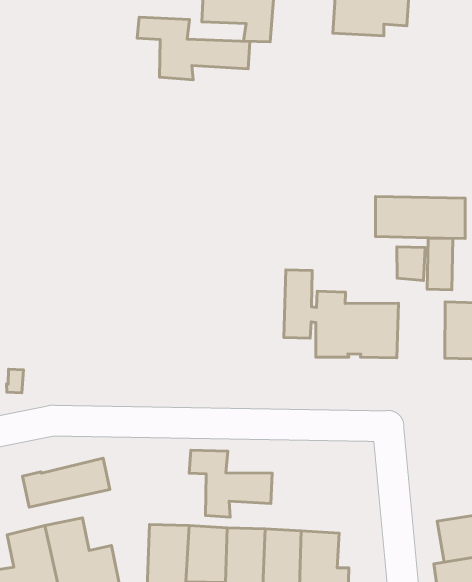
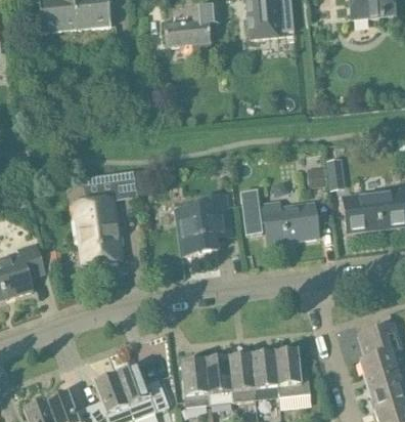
building: [137,17,250,80] -> none
building: [376,196,465,238] -> none
building: none -> [74,170,136,264]
building: none -> [175,194,229,254]
building: [189,450,272,517] -> none
building: [23,458,110,507] -> none

